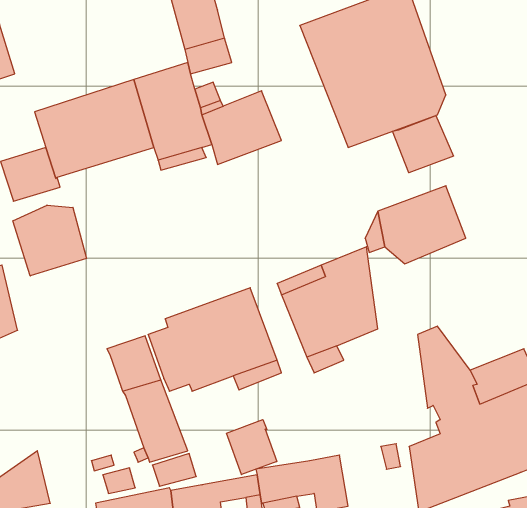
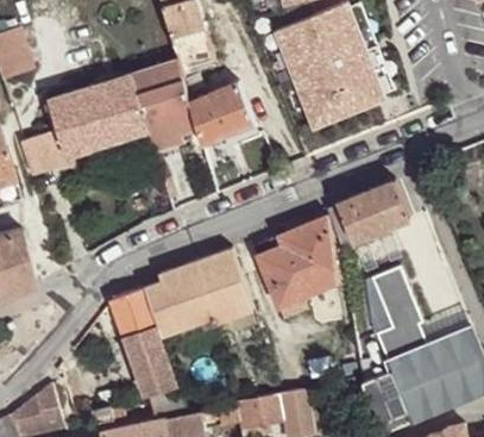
building: [392,115,454,173] -> none
building: [13,205,86,276] -> none
building: [227,420,277,475] -> none

